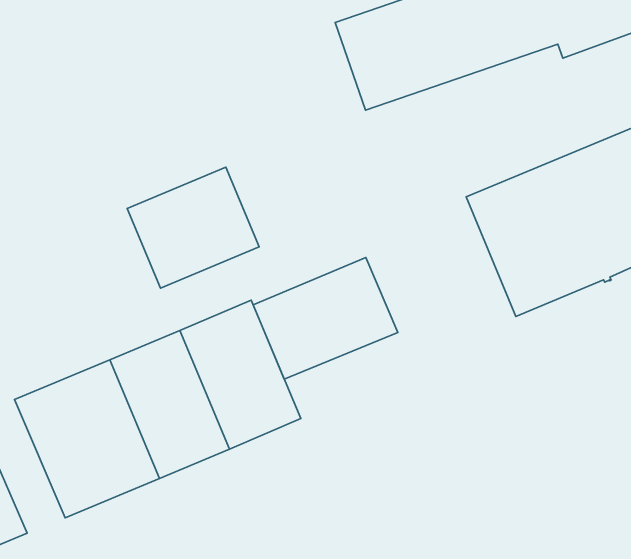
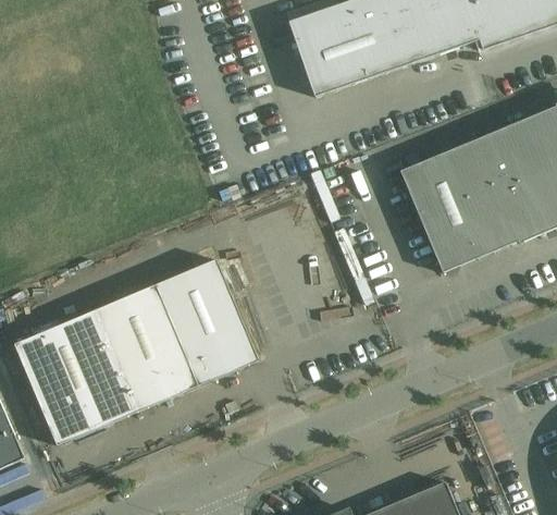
building: [127,167,259,288] -> none
building: [253,258,398,379] -> none

